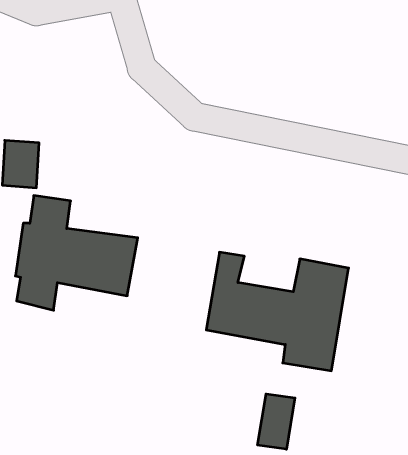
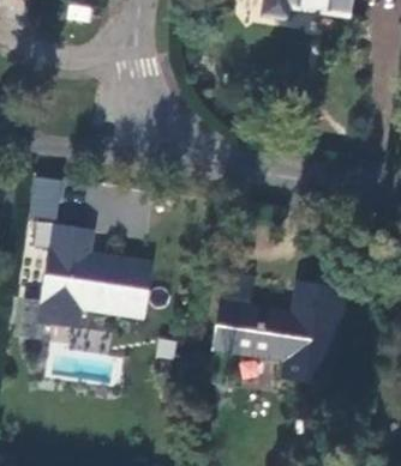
building: [258,394,295,449] -> none

